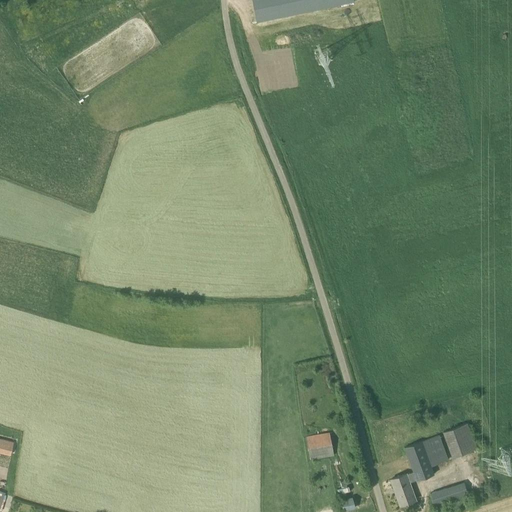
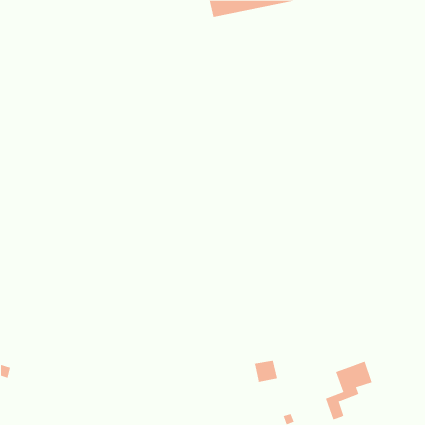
building: [449,422,473,452] -> none
building: [430,482,468,505] -> none

